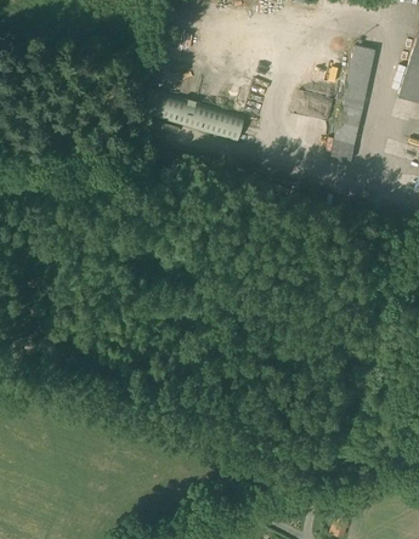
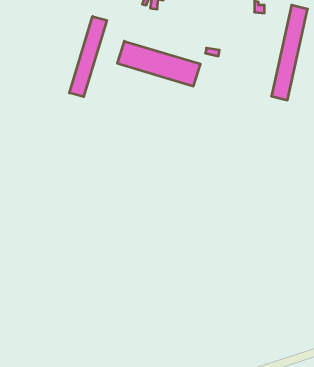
building: none -> [69,16,107,97]

